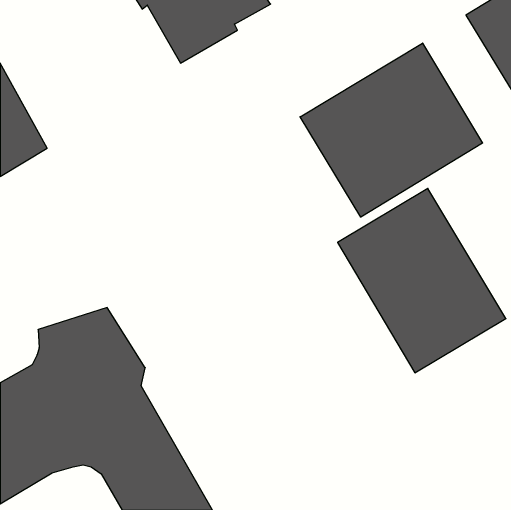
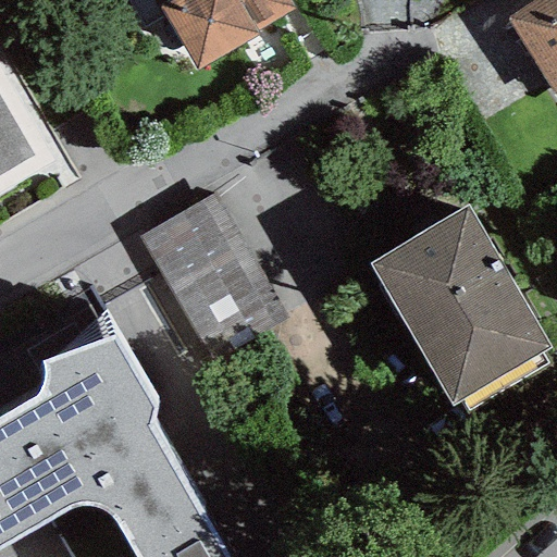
building: [300,43,483,217] -> none
building: none -> [139,189,290,360]

